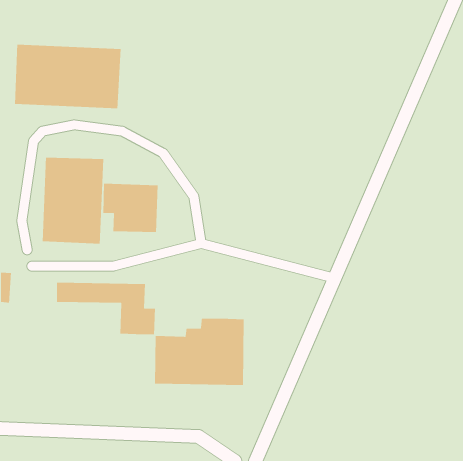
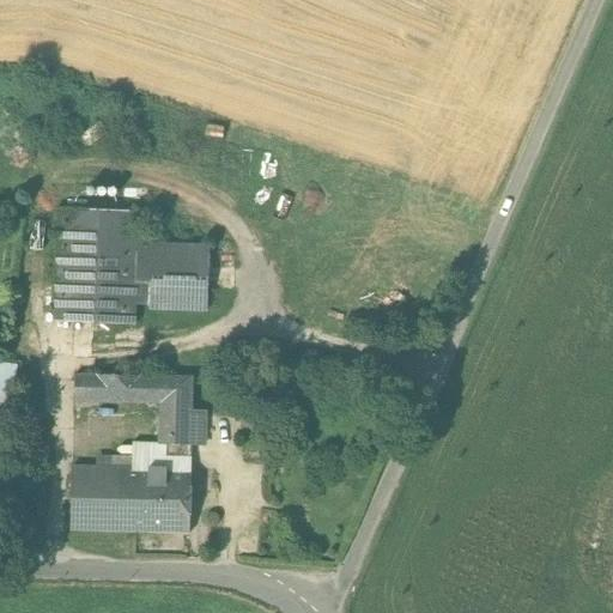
building: [14,44,122,109] -> none
building: [154,318,245,386] -> [71,442,190,532]

